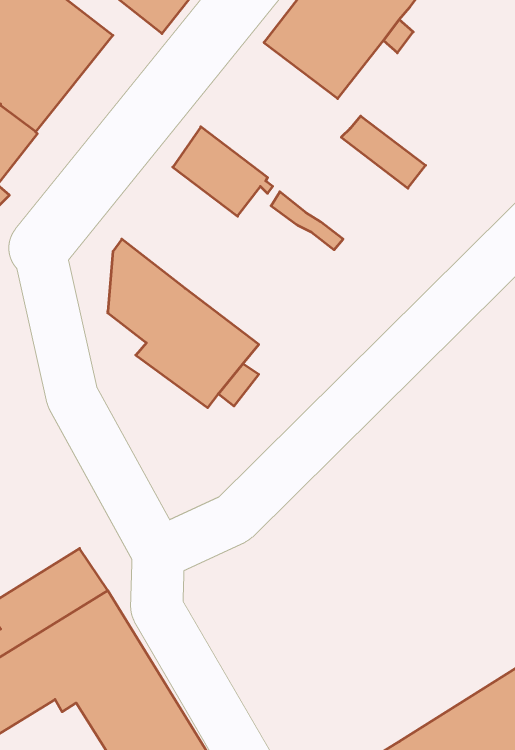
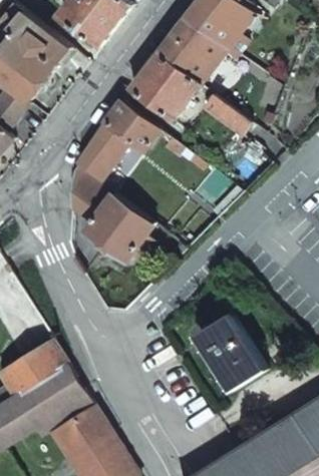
building: none -> [128,52,199,121]
building: none -> [75,123,141,192]
building: none -> [197,314,264,389]

